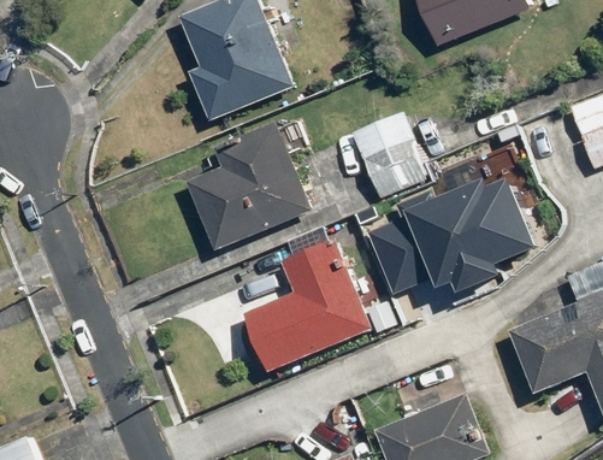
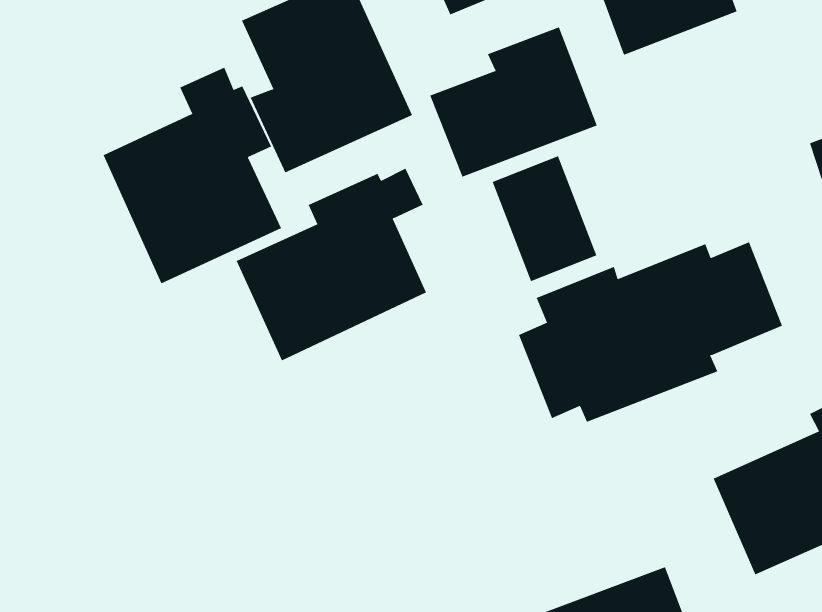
building: none -> [430,27,597,178]
building: none -> [103,67,282,284]
building: [243,237,372,371] -> none

